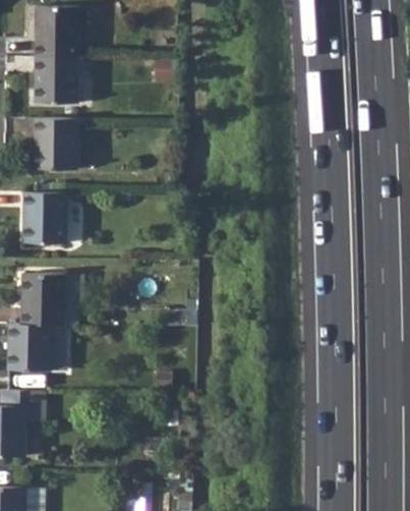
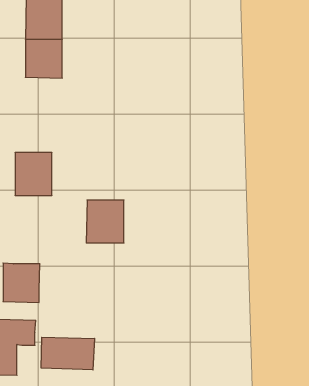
building: [35,118,78,170] -> none
building: [20,274,65,325] -> [86,200,124,243]
building: none -> [41,337,95,370]

